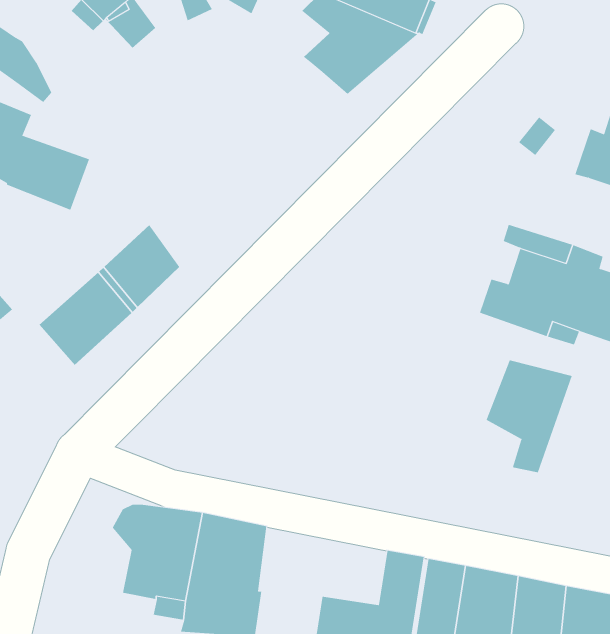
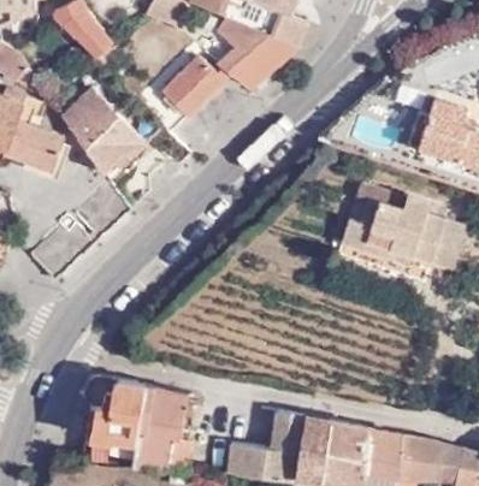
building: none -> [144,58,229,136]
building: none -> [60,88,144,174]
building: [486,360,572,473] -> none

